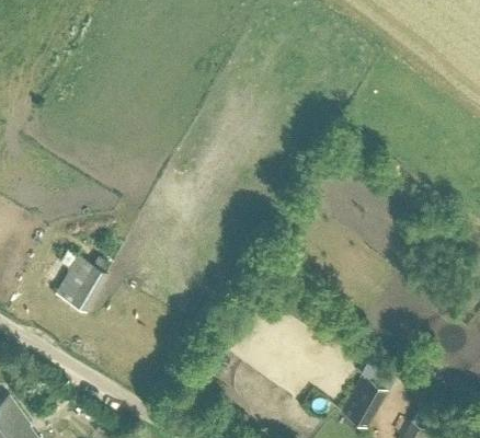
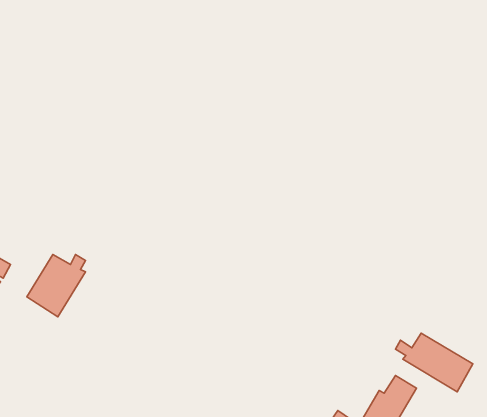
building: none -> [396,333,473,392]

